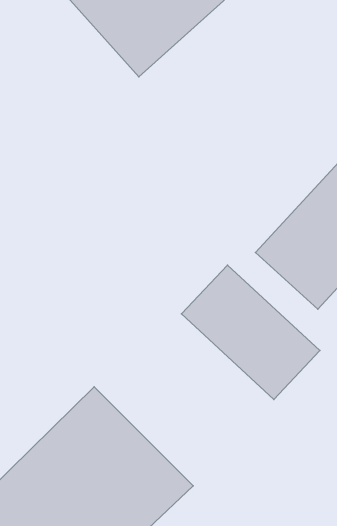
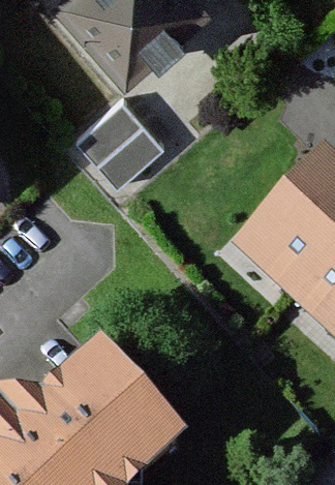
building: none -> [75,103,159,186]
building: [181,265,320,399] -> none

